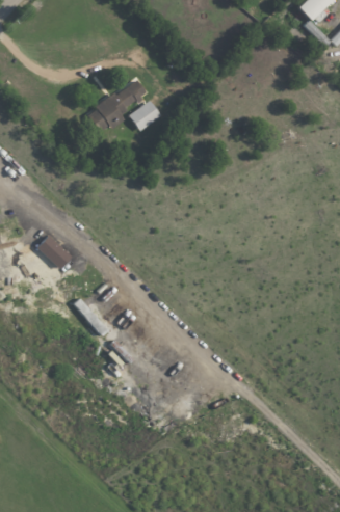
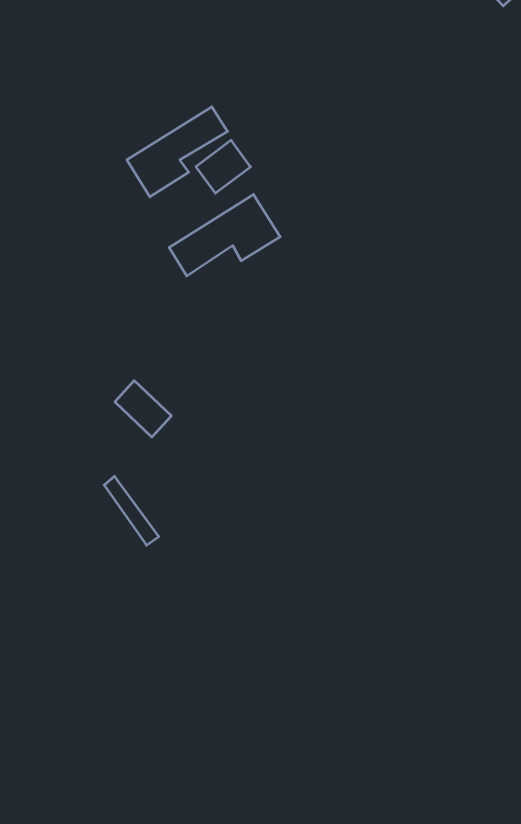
building: none -> [169,194,280,276]
building: [37,236,71,269] -> [115,381,171,437]

